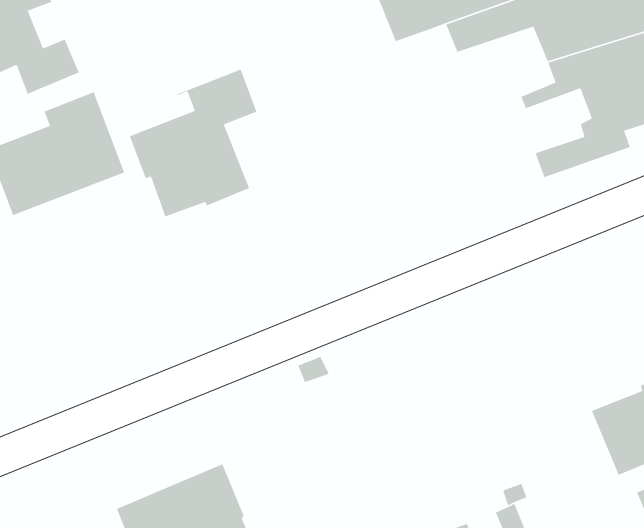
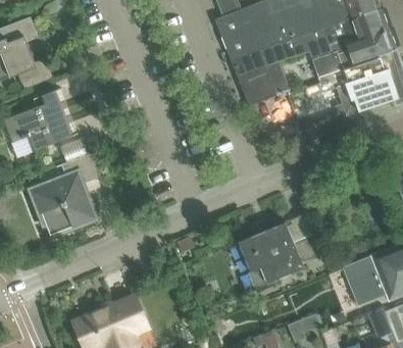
building: none -> [232,50,276,105]
building: [129,69,257,217] -> [30,151,102,235]
building: none -> [239,221,326,291]

